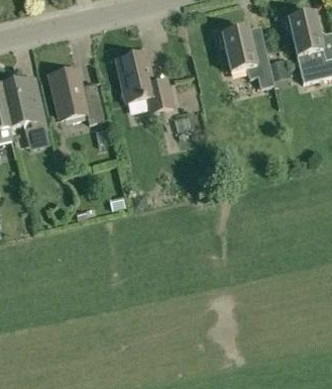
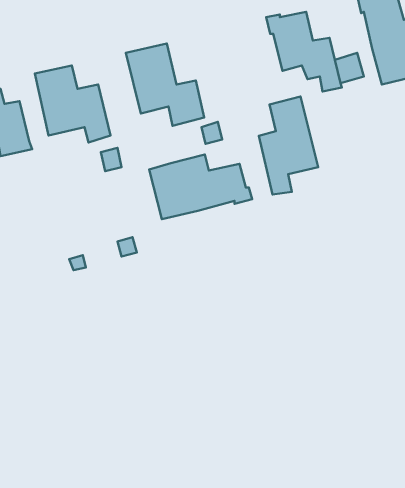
building: none -> [259,97,318,194]
building: none -> [149,154,252,219]

